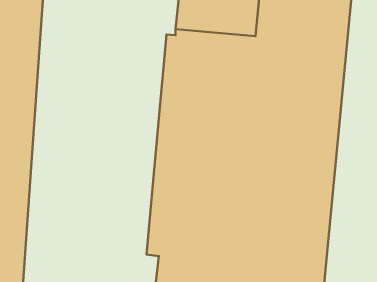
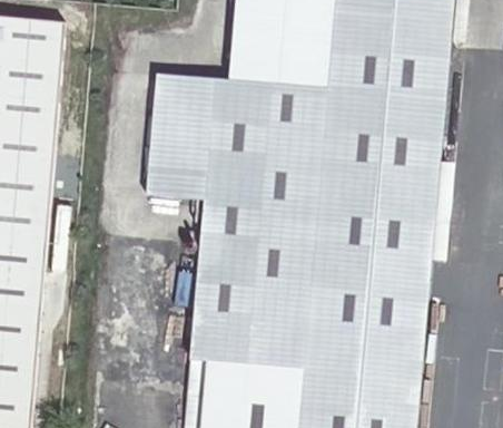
building: none -> [147,74,217,200]

